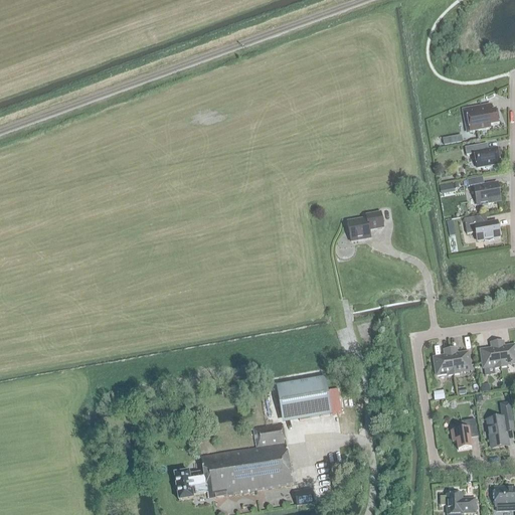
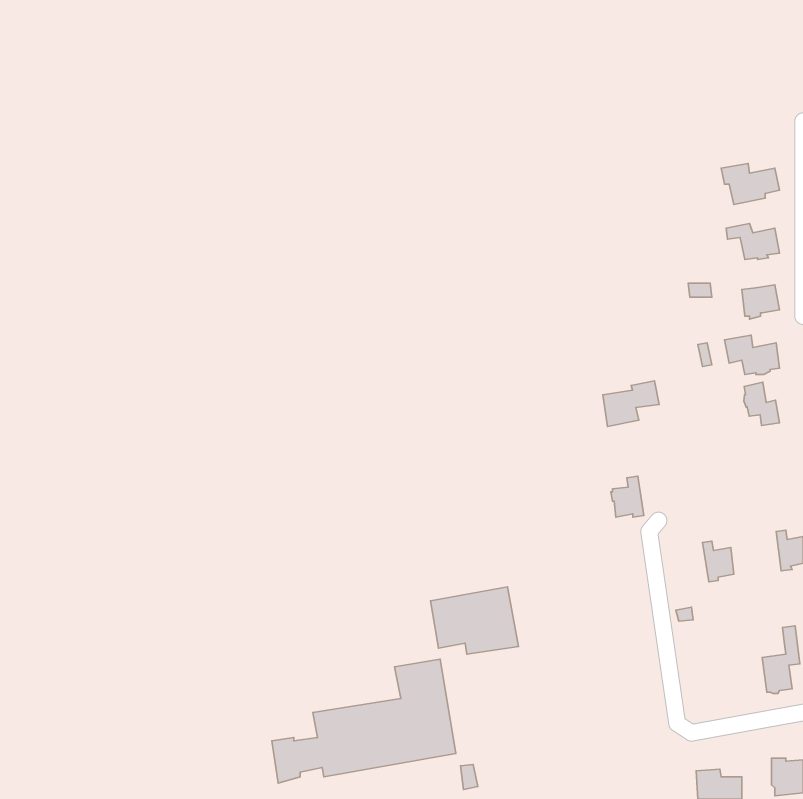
building: [347,210,383,239] -> [603,381,659,426]
building: none -> [744,382,780,426]
building: [480,340,500,366] -> none
building: [433,347,454,373] -> [611,476,644,517]
building: [451,417,477,448] -> none

